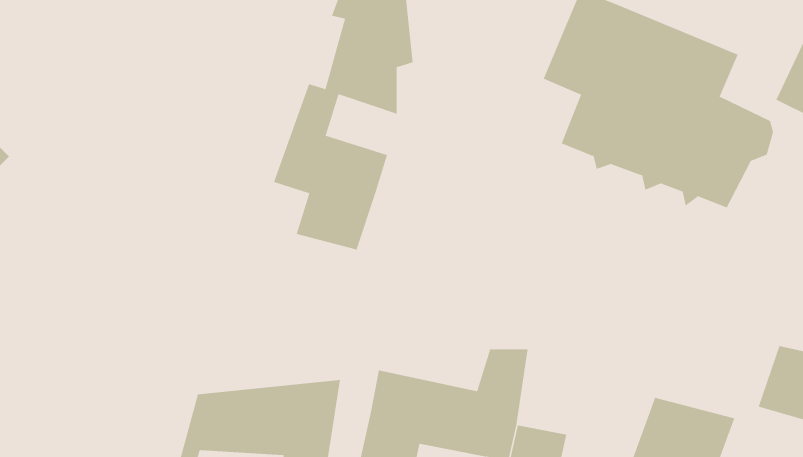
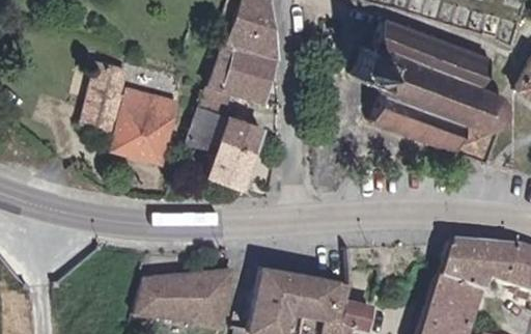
building: none -> [85,61,176,160]
building: none -> [432,243,512,295]

